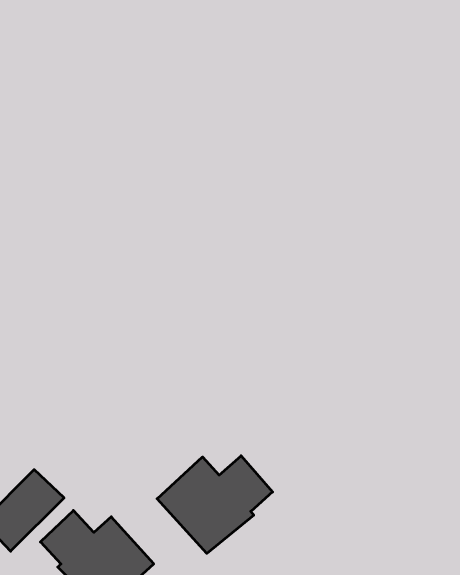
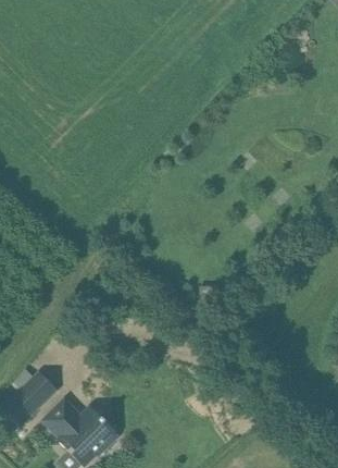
building: [157,456,273,553] -> none

